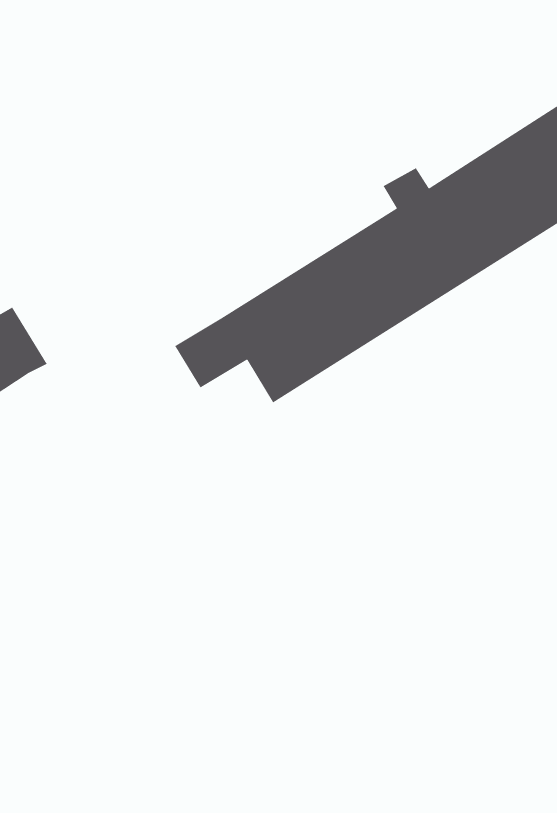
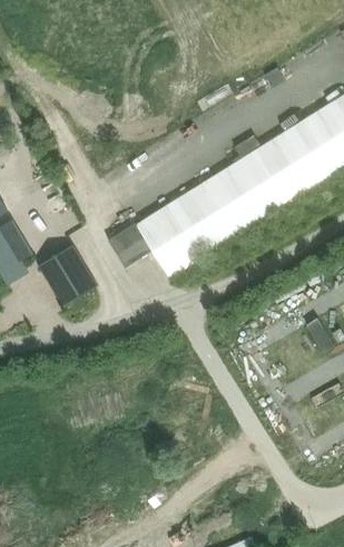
building: none -> [39,245,96,304]

